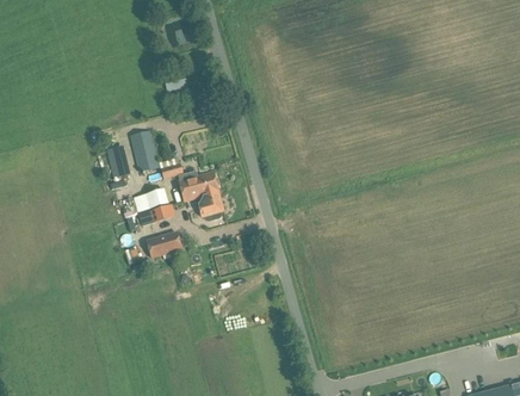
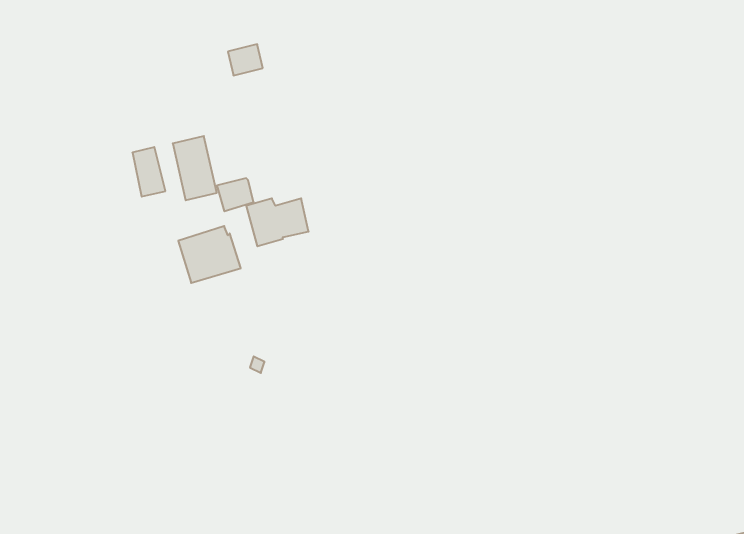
building: [198,192,223,222] -> none
building: [146,231,180,256] -> none

